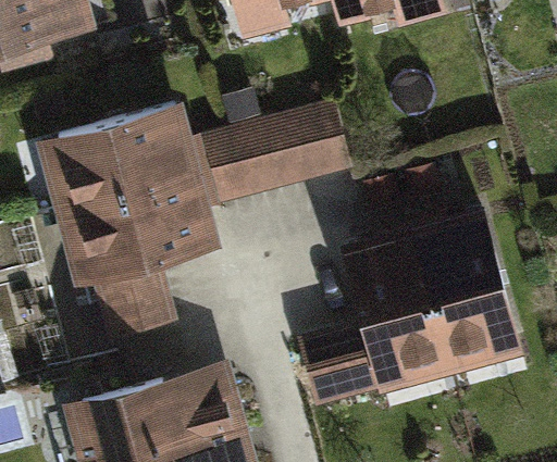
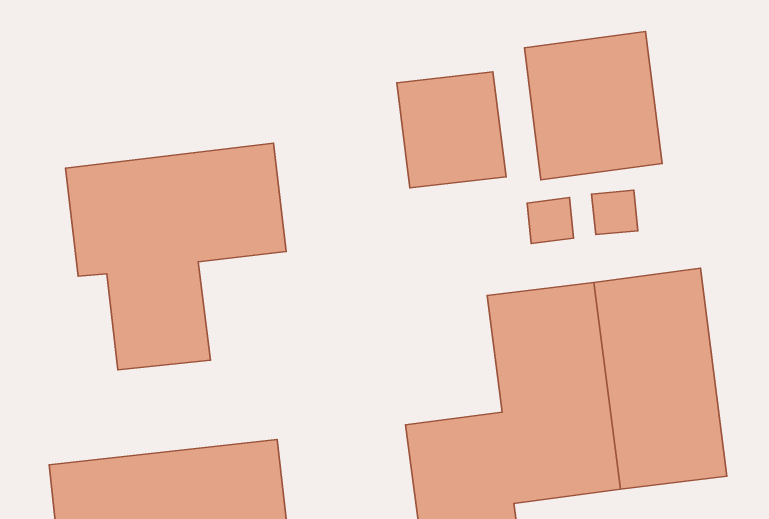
building: none -> [524,31,662,180]
building: [40,104,193,208] -> none
building: [206,121,286,205] -> none

